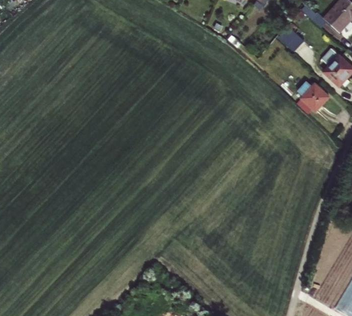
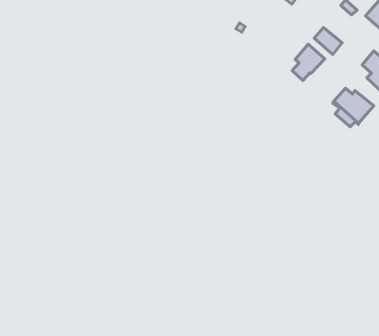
building: none -> [292,44,325,81]

